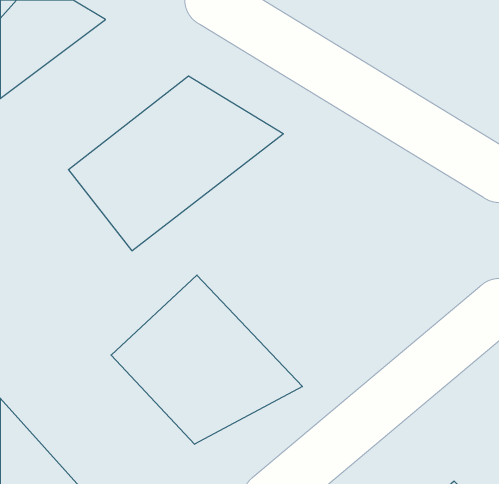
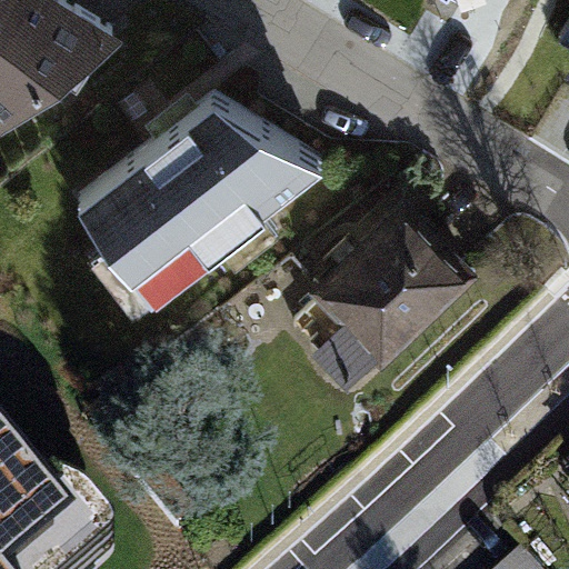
building: none -> [310,219,462,397]
building: [111,275,302,444] -> none

